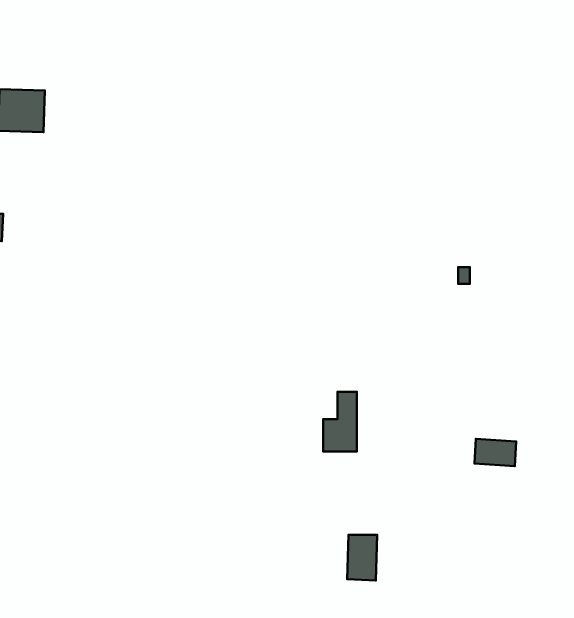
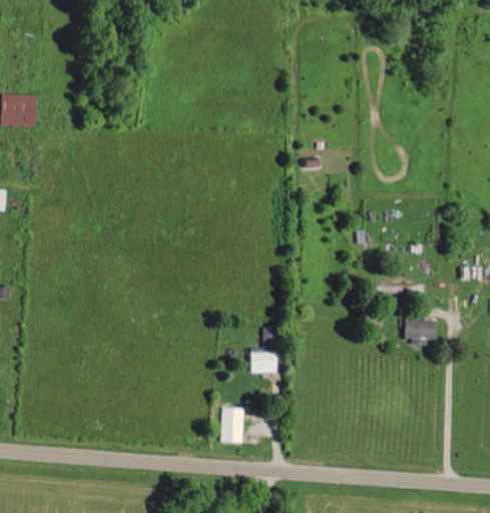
building: [475,439,516,466] -> [405,320,437,341]
building: [347,535,377,580] -> [220,409,243,444]

